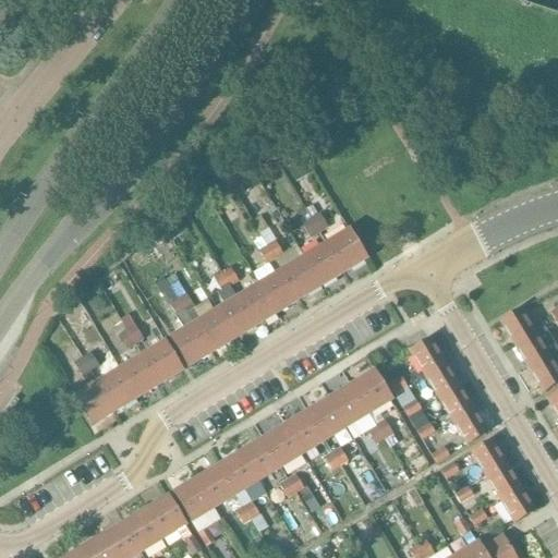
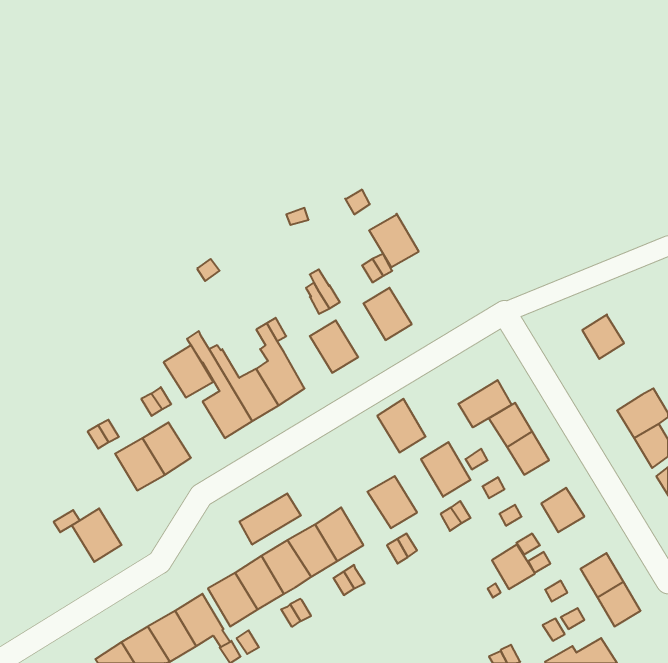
building: [325,226,366,270] -> [369,214,419,267]
building: [280,253,322,298] -> none
building: [236,280,277,324] -> none
building: [500,305,535,342] -> [582,314,624,359]
building: none -> [458,380,511,427]
building: [141,338,182,381] -> [164,345,213,397]
building: [73,378,114,423] -> [72,508,122,562]
building: [329,383,369,427] -> [377,399,426,452]
building: [437,384,472,420] -> none
building: [284,410,326,454] -> none
building: none -> [240,493,301,545]
building: [470,437,506,474] -> [492,545,535,589]

